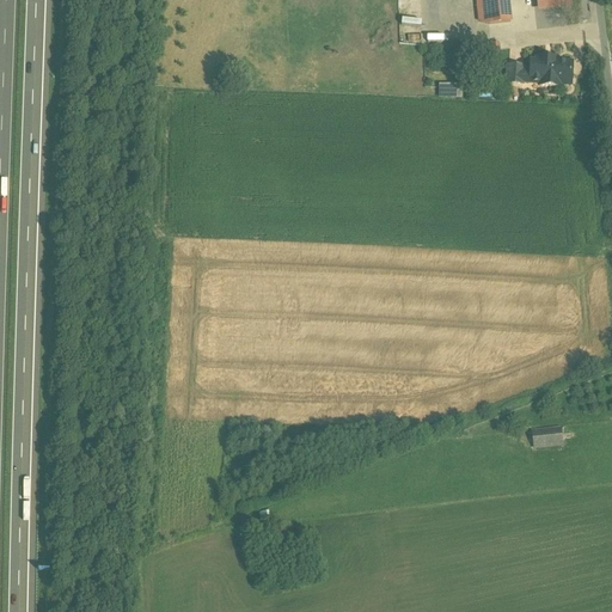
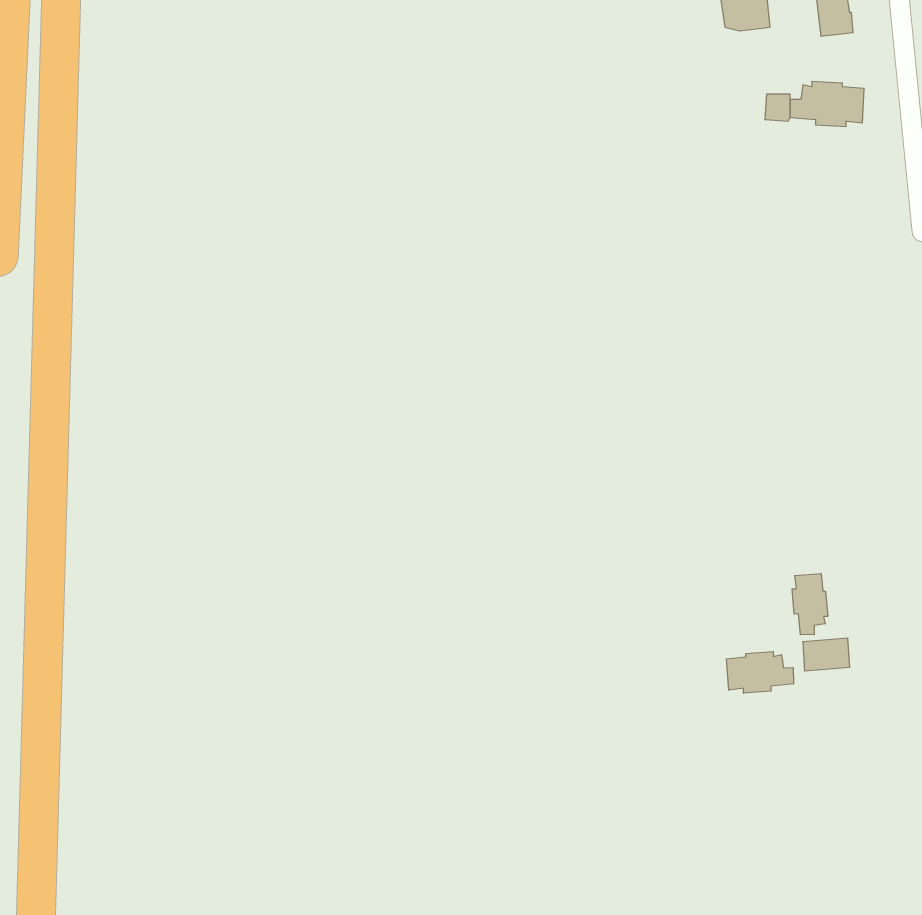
building: none -> [792,573,828,635]
building: none -> [727,651,793,693]

